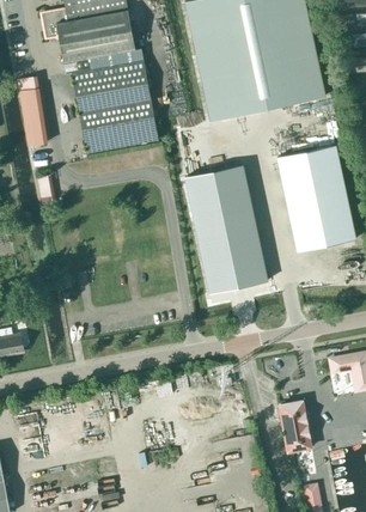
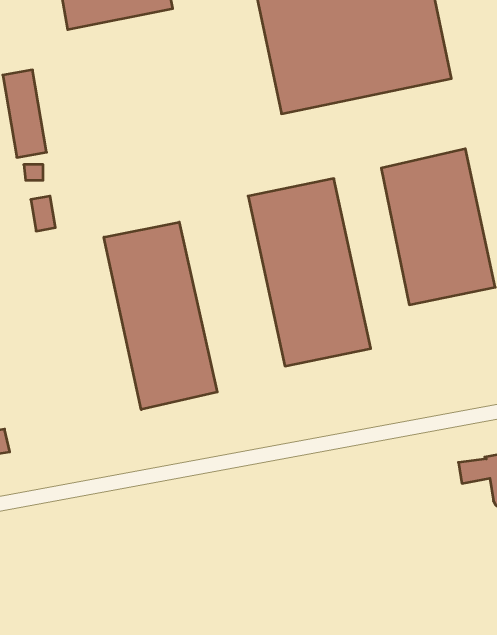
building: [71,60,157,152] -> none
building: none -> [104,222,217,410]
building: [277,388,311,453] -> none

